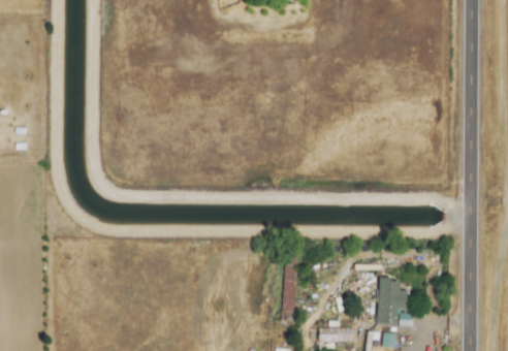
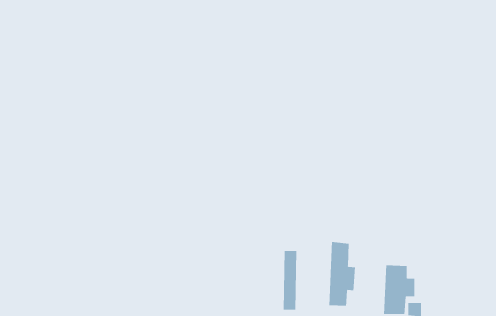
building: none -> [329,241,355,306]

